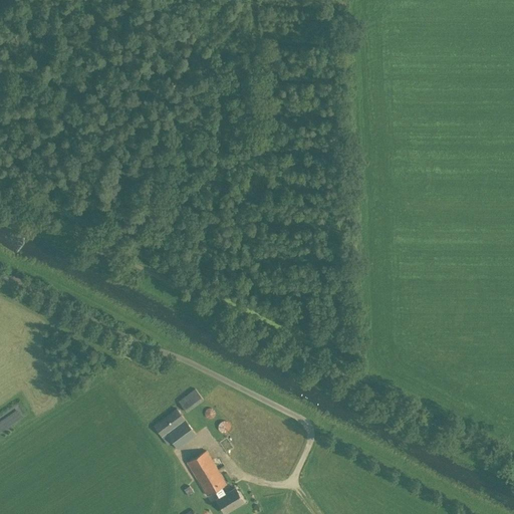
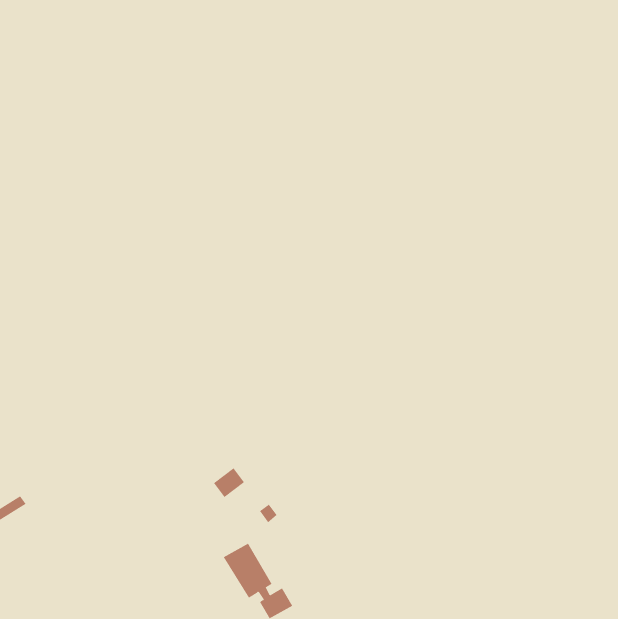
building: [152,409,195,448] -> none

